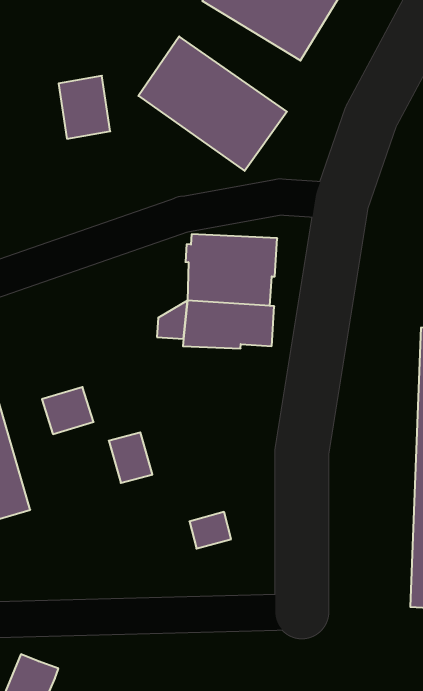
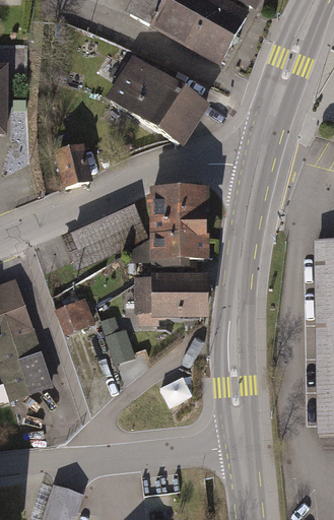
building: [59,76,110,139] -> [57,142,94,187]
building: none -> [61,203,145,266]
building: none -> [133,271,208,316]

